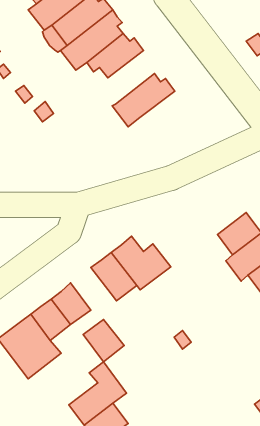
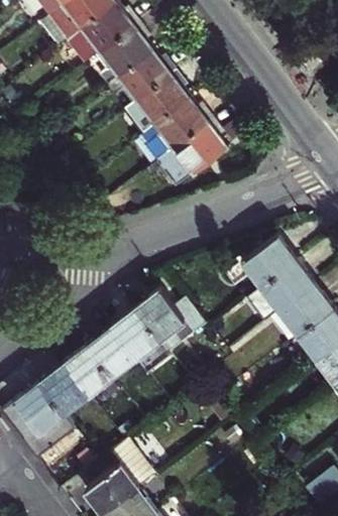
building: none -> [124,69,189,132]
building: none -> [155,117,227,184]
building: none -> [227,237,298,287]
building: [83,319,124,362] -> [89,327,137,377]

